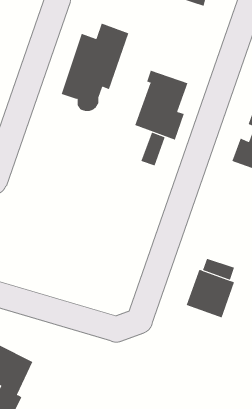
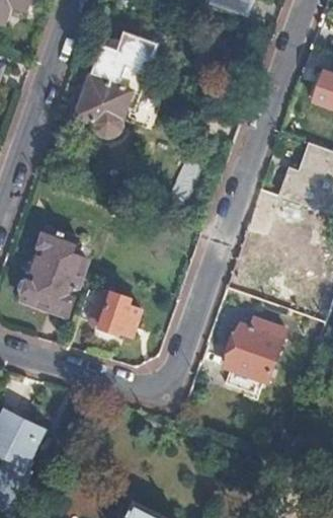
building: [134,70,188,141] -> none
building: none -> [16,225,85,314]
building: none -> [76,287,139,334]

